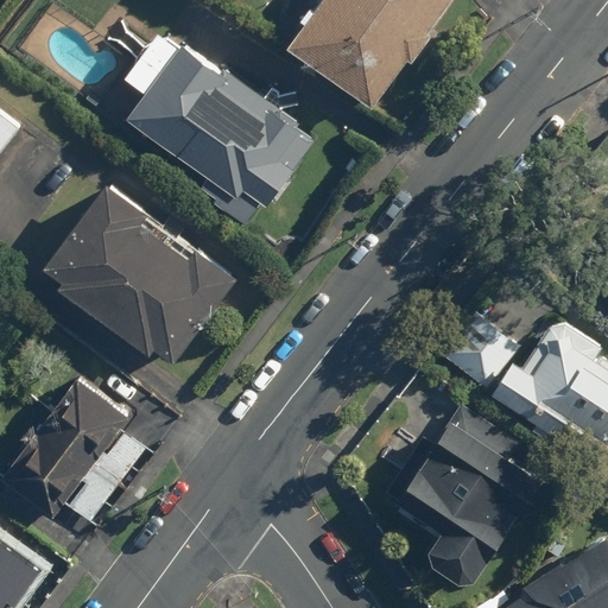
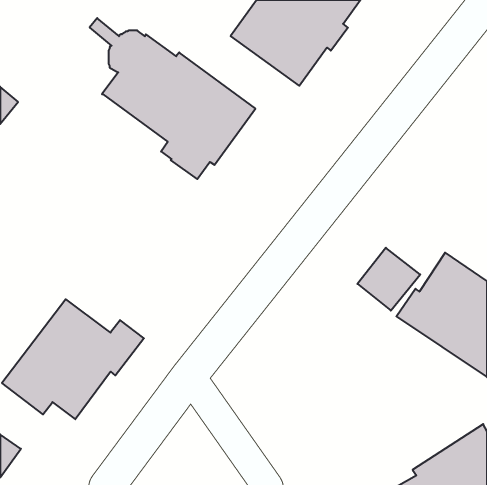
building: [43,183,235,365] -> none
building: [388,411,543,585] -> none

